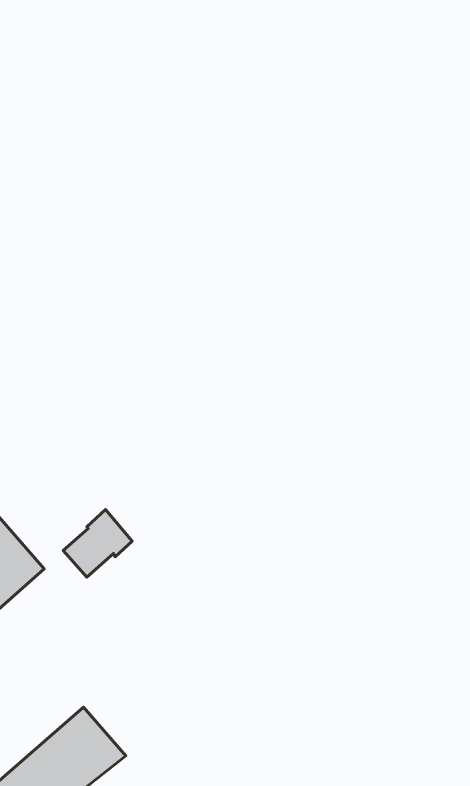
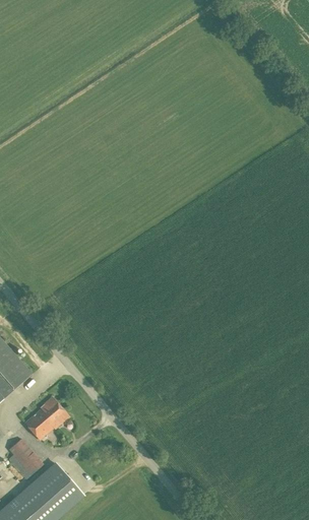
building: [63,510,132,577] -> [23,396,68,440]
building: none -> [7,438,42,479]

